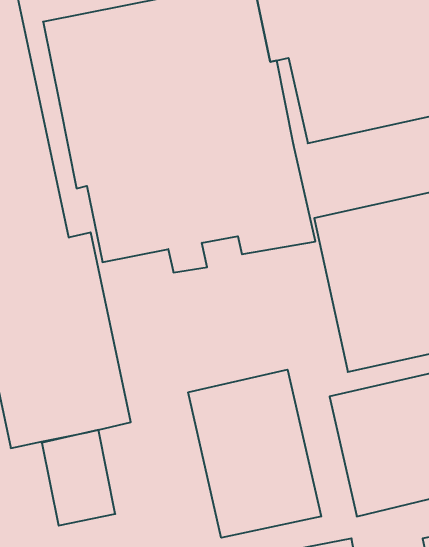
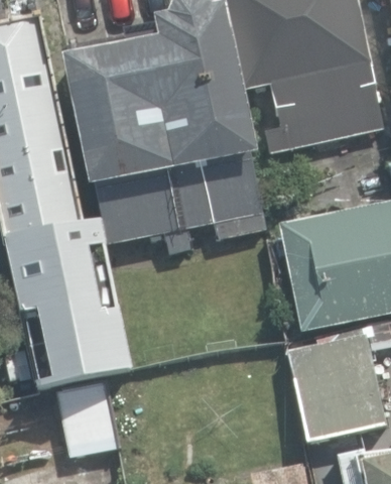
building: [188,370,321,538] -> none

